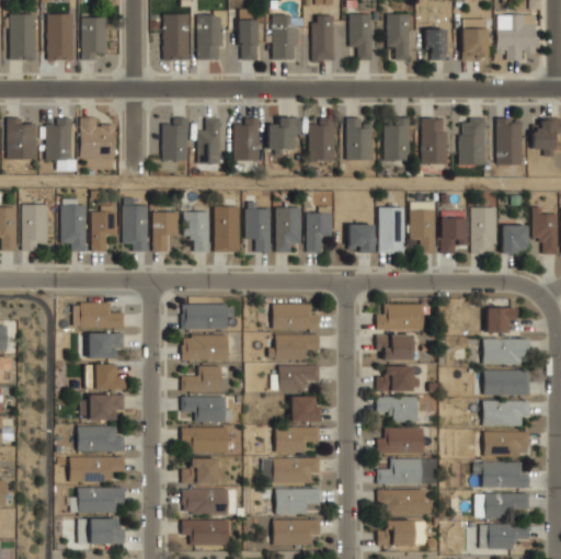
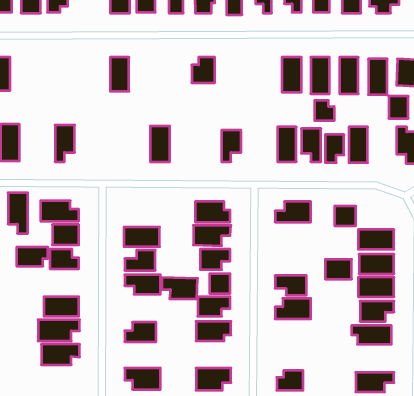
building: [80,117,115,158] -> none
building: [198,117,219,164] -> none
building: [310,117,334,161] -> none
building: [347,117,371,160] -> none
building: [46,118,71,161] -> none
building: [233,119,259,161] -> none
building: none -> [315,100,334,121]
building: [61,199,87,252] -> [8,193,28,233]
building: [247,203,271,252] -> none
building: [123,205,148,252] -> none
building: [277,207,300,252] -> none
building: [153,212,179,252] -> none
building: [185,212,209,252] -> none
building: [348,225,374,253] -> none
building: [502,225,527,253] -> [389,96,408,118]
building: [181,305,230,330] -> none
building: [486,308,514,333] -> [335,206,356,226]
building: [377,335,411,361] -> none
building: [379,367,413,392] -> [325,259,352,279]
building: [82,396,123,420] -> [17,247,48,266]
building: [182,426,228,454] -> [162,278,198,299]
building: [378,461,421,487] -> none
building: [182,488,231,514] -> none
building: [276,489,319,514] -> none
building: [377,491,427,516] -> none
building: [476,493,528,518] -> none
building: [78,520,123,546] -> none

